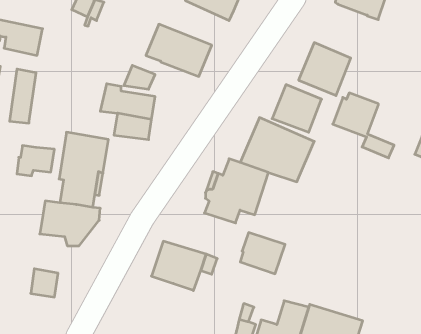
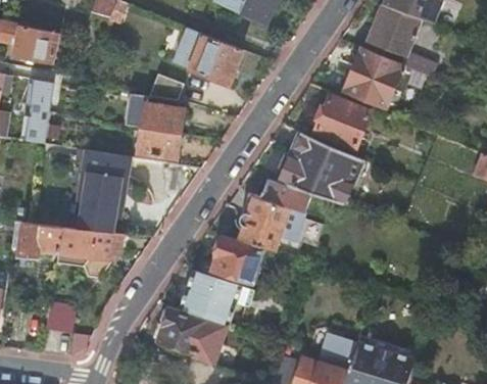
building: [333,93,394,158] -> [370,5,438,78]
building: [17,146,54,176] -> [19,221,61,254]
building: [240,233,285,274] -> [212,236,262,282]
building: none -> [157,307,226,364]

